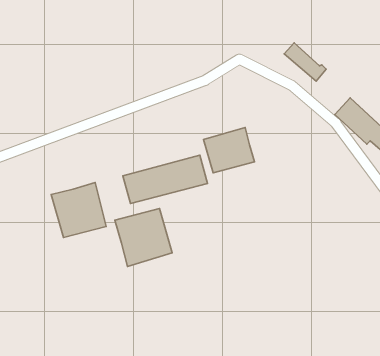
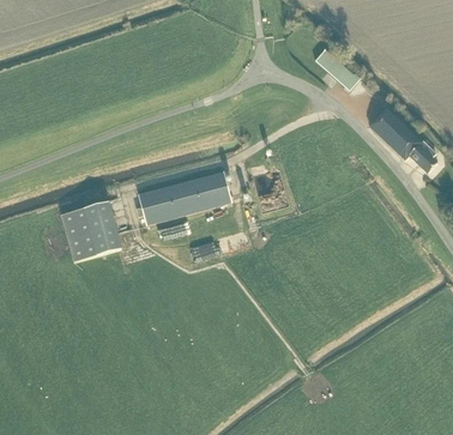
building: [203,127,254,173] -> none
building: [115,208,172,266] -> none

